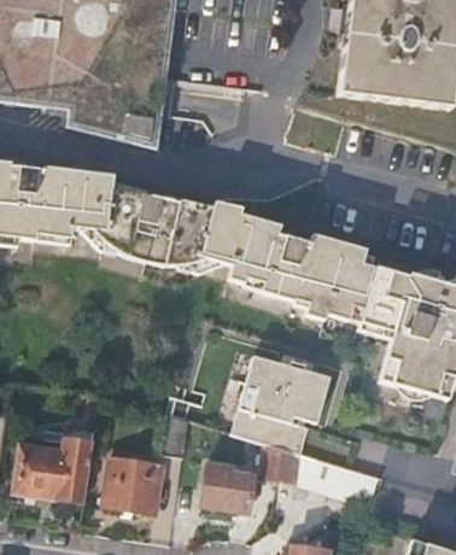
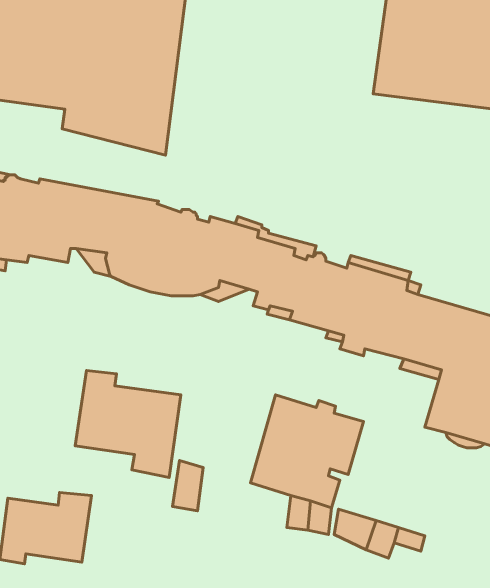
building: none -> [75,370,181,478]
building: [105,457,160,508] -> none
building: [201,462,256,512] -> none

